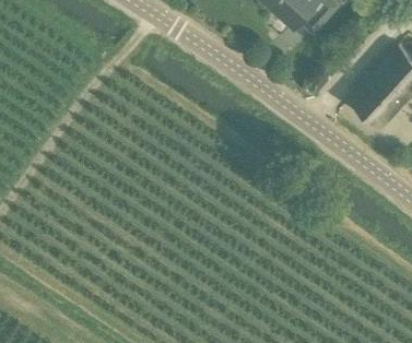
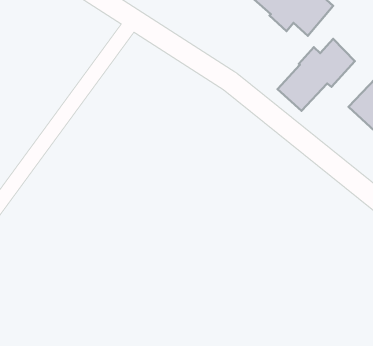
building: none -> [277,39,355,111]

